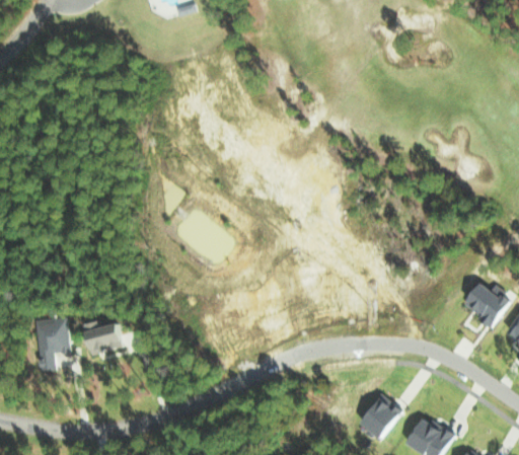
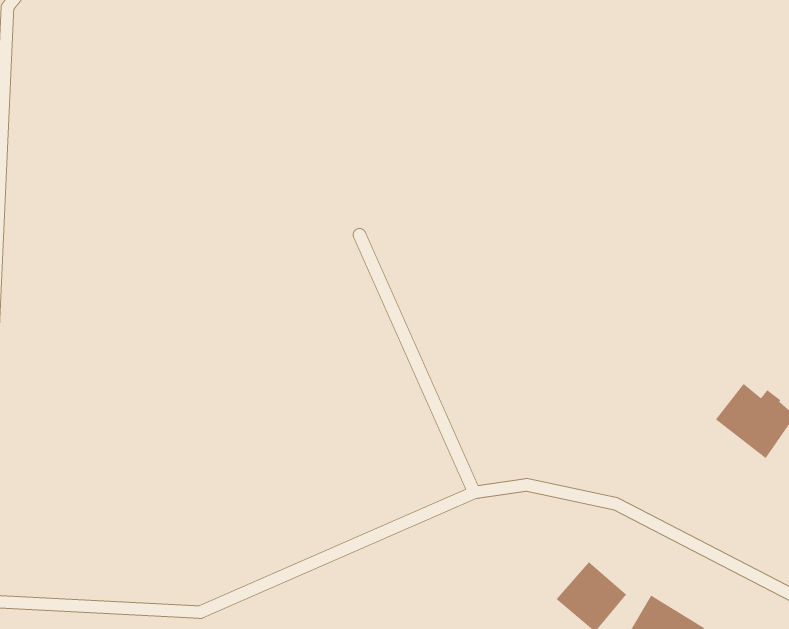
building: [47,319,68,370] -> none
building: [82,321,127,355] -> none

